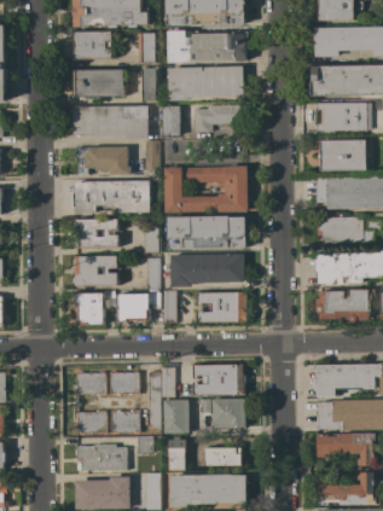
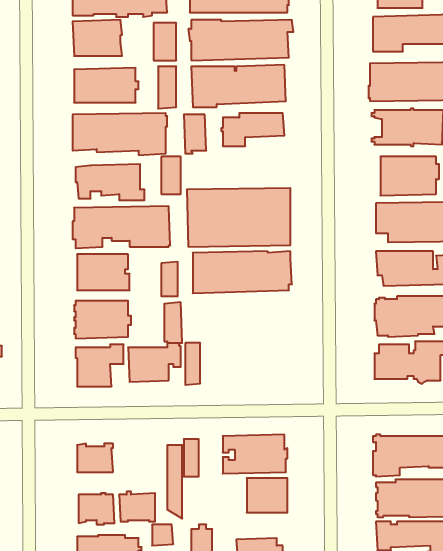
building: [170,254,244,288] -> none
building: [197,291,248,323] -> none
building: [110,371,139,394] -> none
building: [163,400,188,434] -> none

